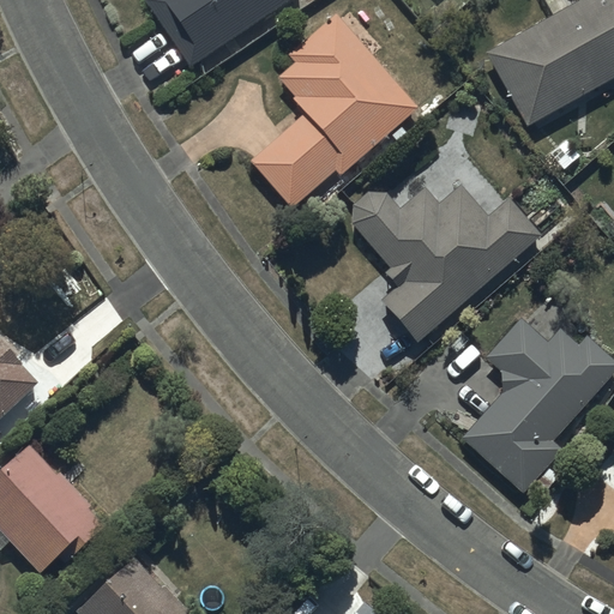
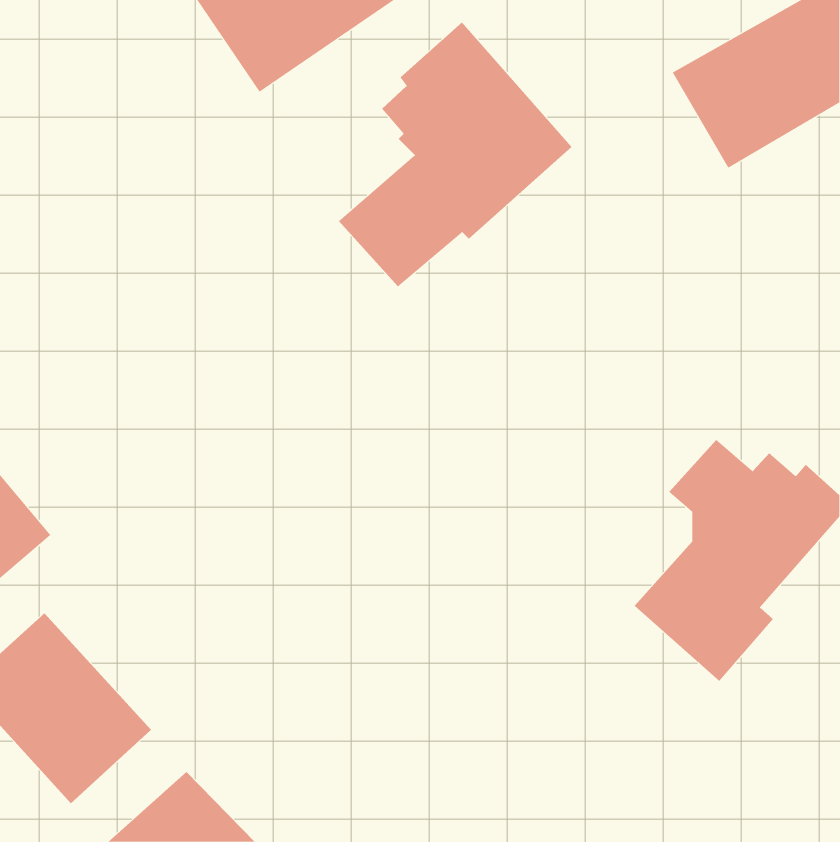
building: [353,183,542,342] -> none

